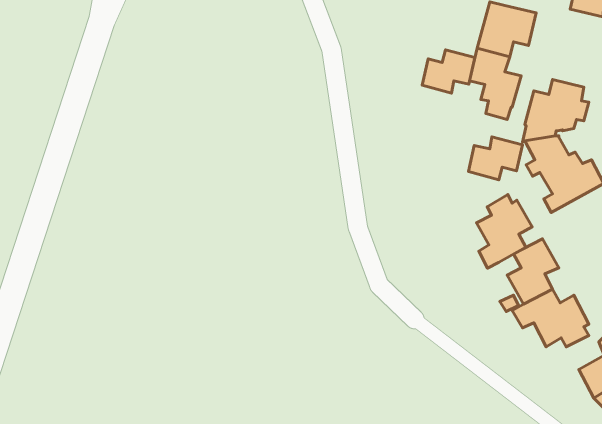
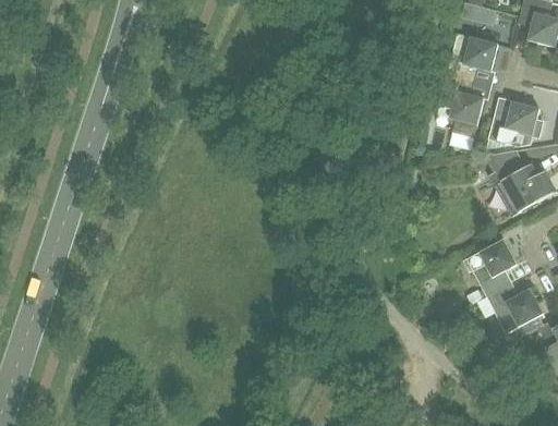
building: [422,50,475,93] -> none
building: [468,137,523,180] -> none
building: [476,195,532,268] -> none

